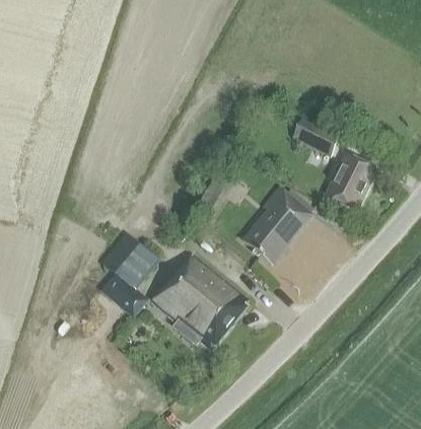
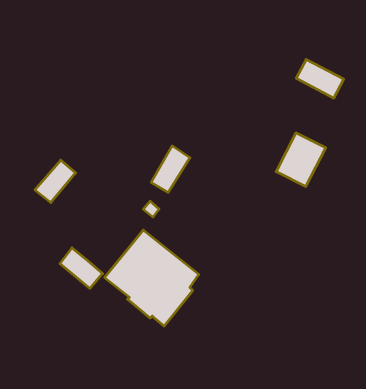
building: [292,116,341,155] -> [296,59,344,98]
building: [244,188,311,263] -> none
building: [116,240,157,284] -> [35,160,76,203]

